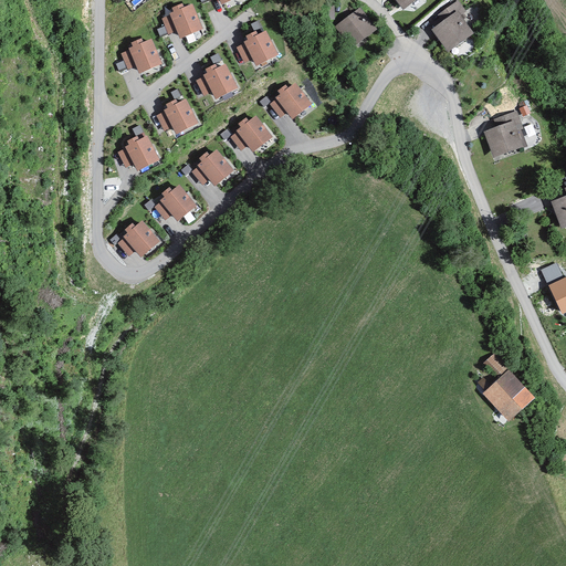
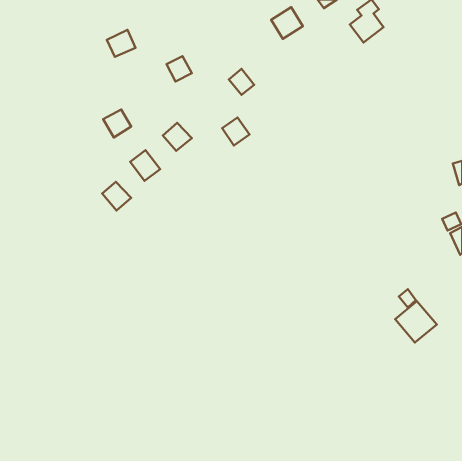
building: [170,7,201,39] -> none
building: [240,30,275,66] -> none
building: [163,99,198,134] -> none
building: [480,111,524,158] -> none
building: [237,117,270,151] -> [222,117,249,145]

